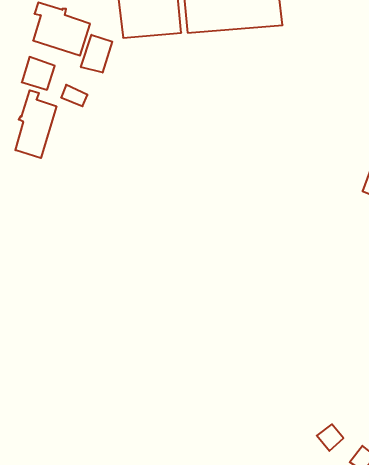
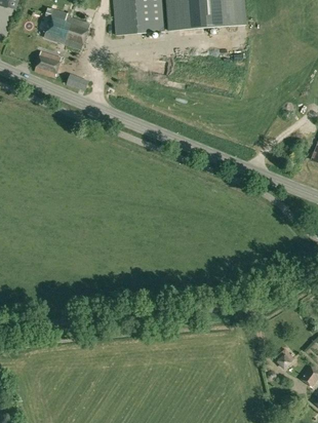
building: [81,35,112,73] -> none
building: [15,90,56,158] -> none

